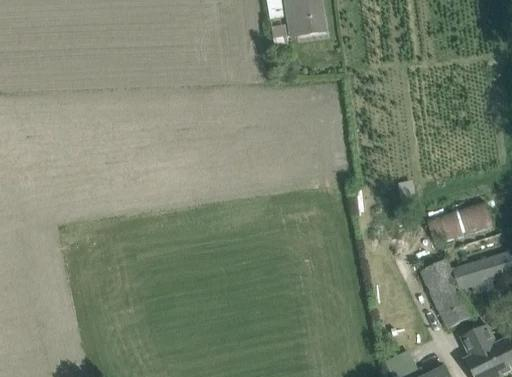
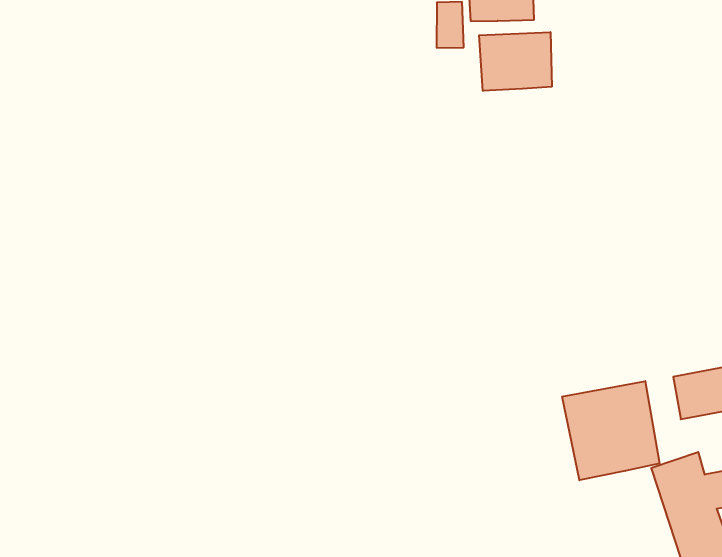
building: none -> [479,32,552,91]
building: none -> [562,381,660,480]

